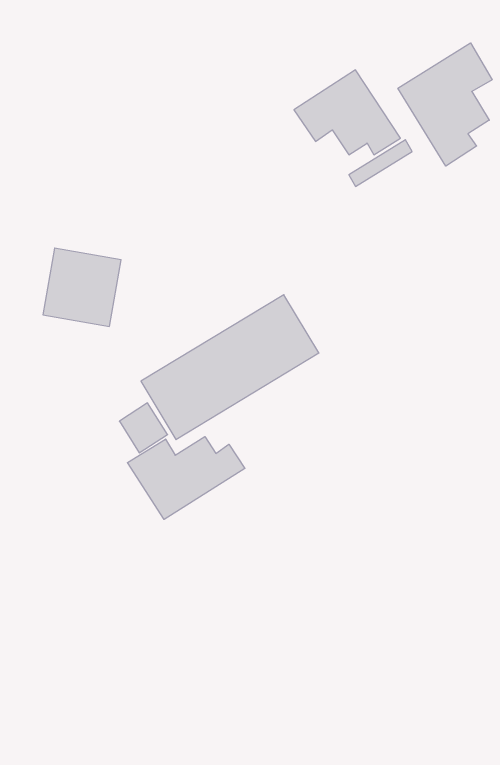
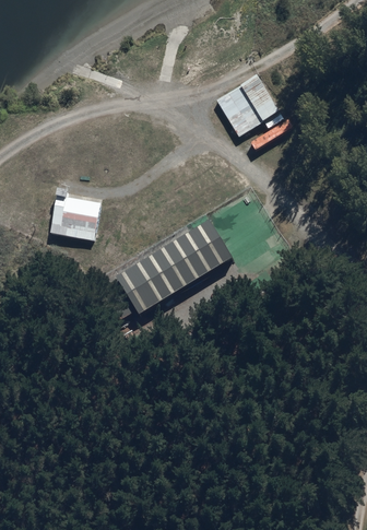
building: [398,43,492,166] -> none
building: [127,437,245,519] -> none

